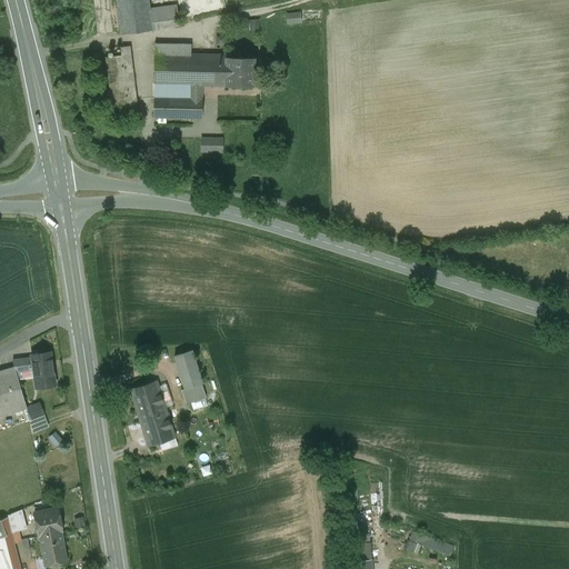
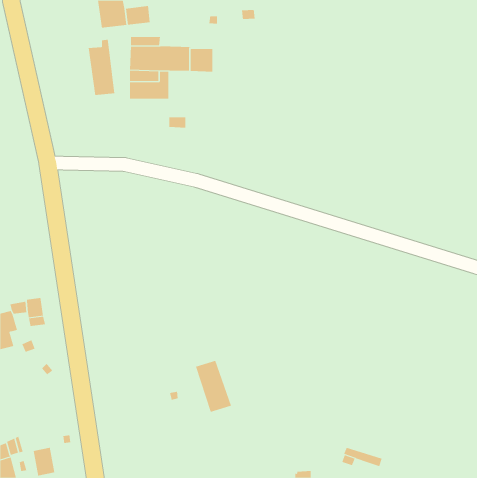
building: [178,357,210,406] -> none
building: [130,382,173,445] -> [195,360,232,412]
building: [33,509,61,536] -> none

